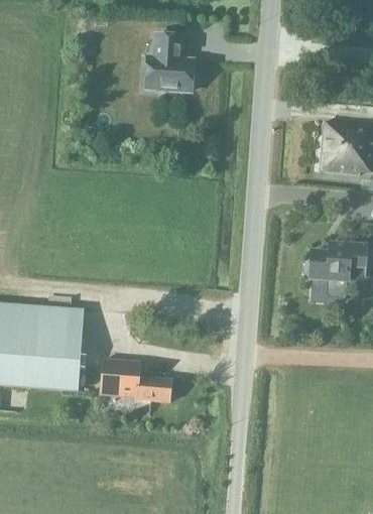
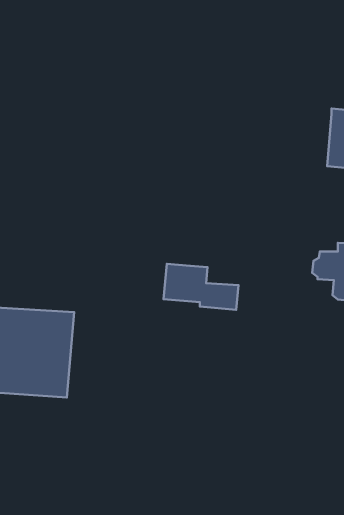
building: [145,31,197,89] -> none
building: [99,357,169,400] -> [164,264,238,310]

